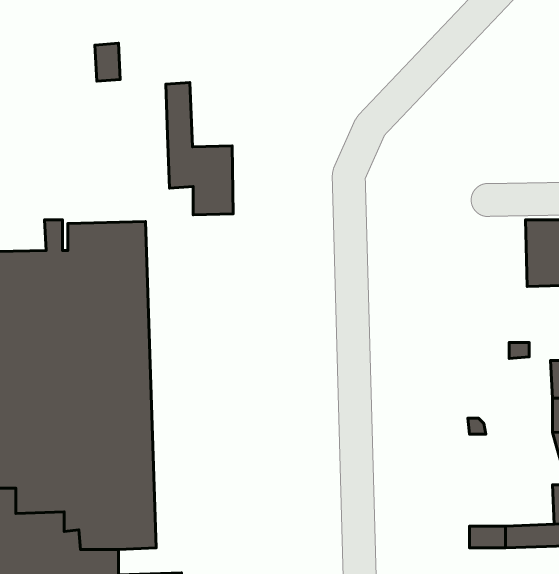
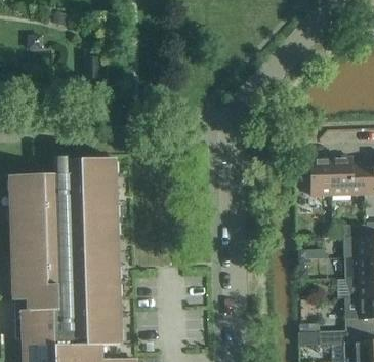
building: [166,83,233,215] -> none
building: none -> [301,154,331,196]

